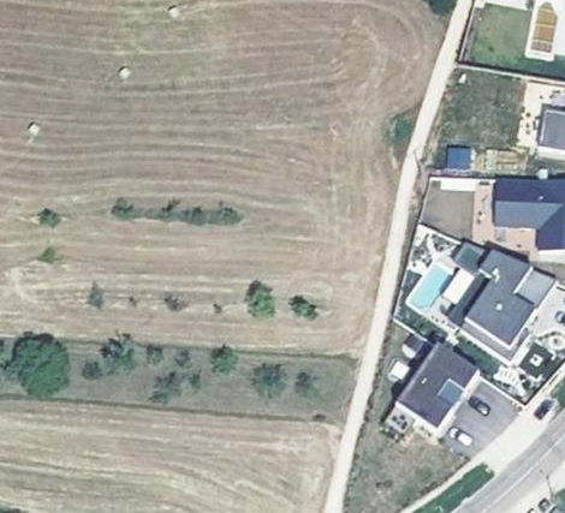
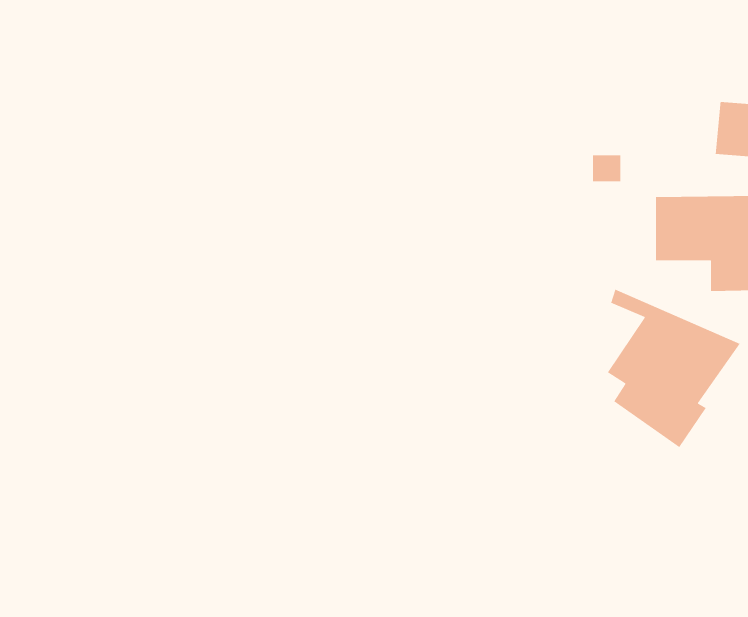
building: [396,346,478,435] -> none

